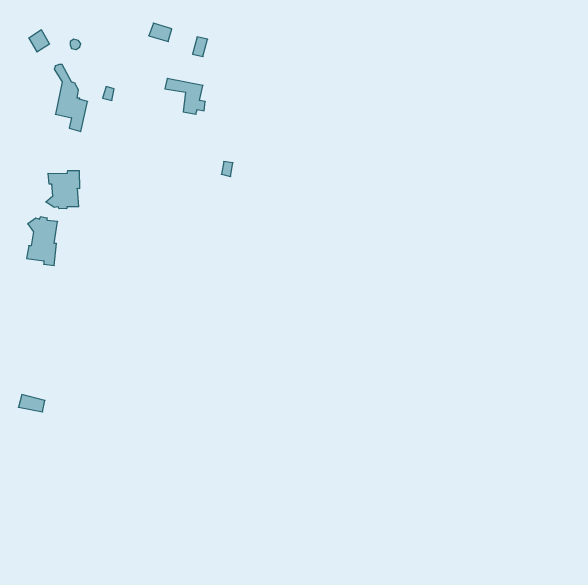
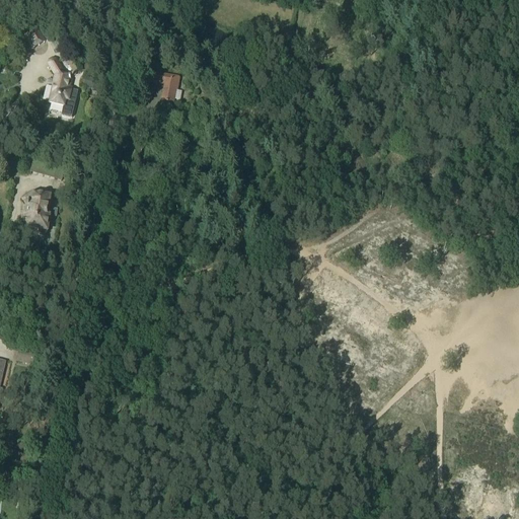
building: [46,171,80,209] -> none

